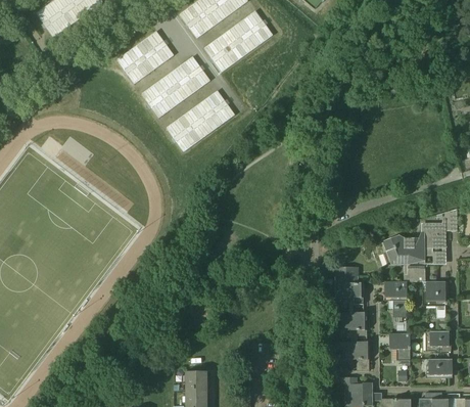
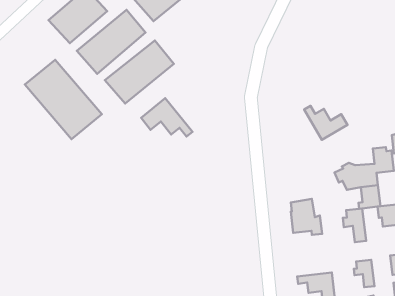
building: none -> [25,60,102,139]
building: none -> [141,98,193,137]
building: none -> [304,106,347,140]
building: [333,312,366,335] -> none

